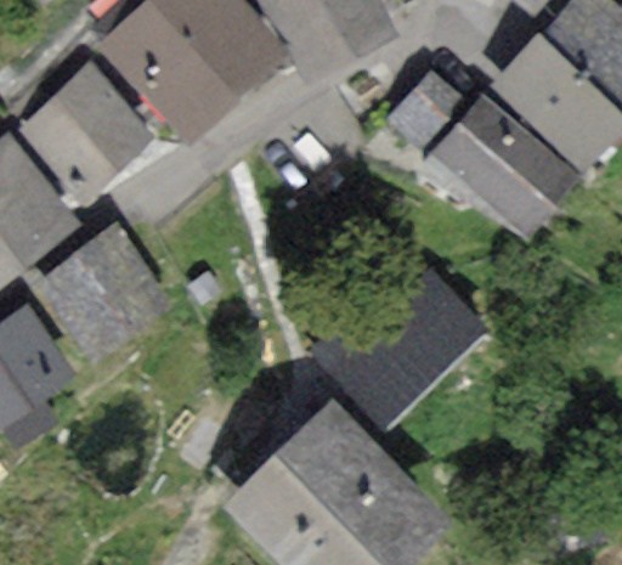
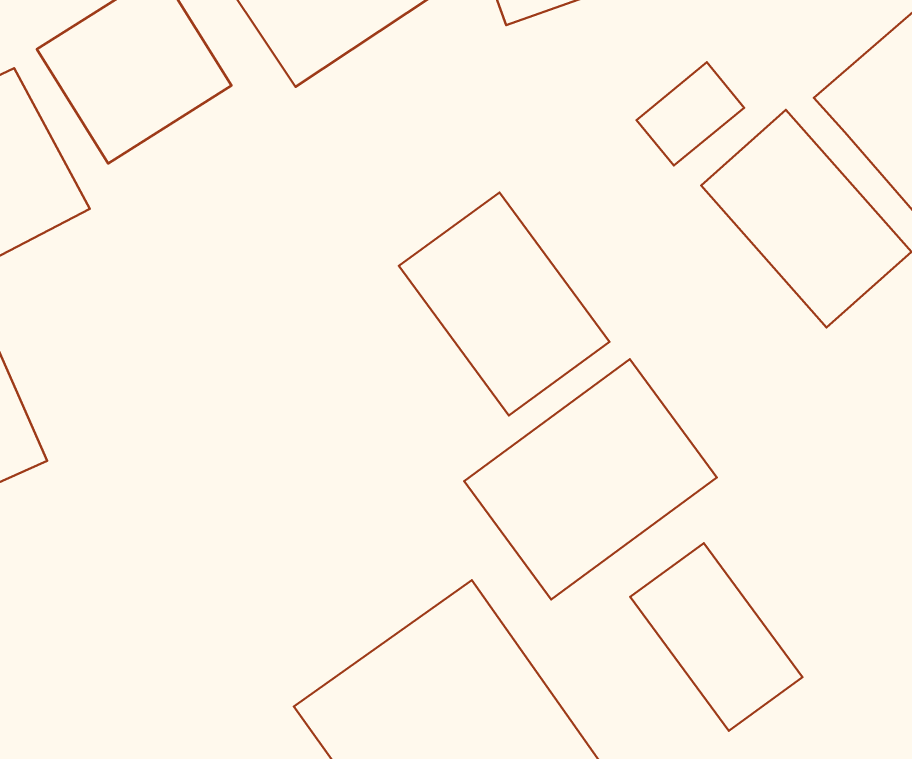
building: none -> [399,192,610,415]
building: [47,235,168,351] -> none
building: none -> [630,543,802,731]

